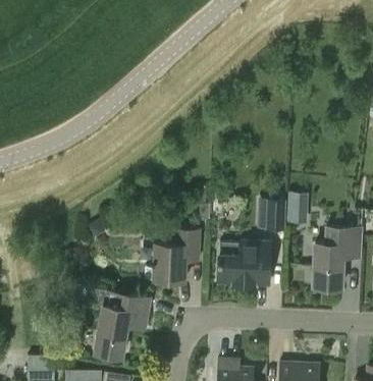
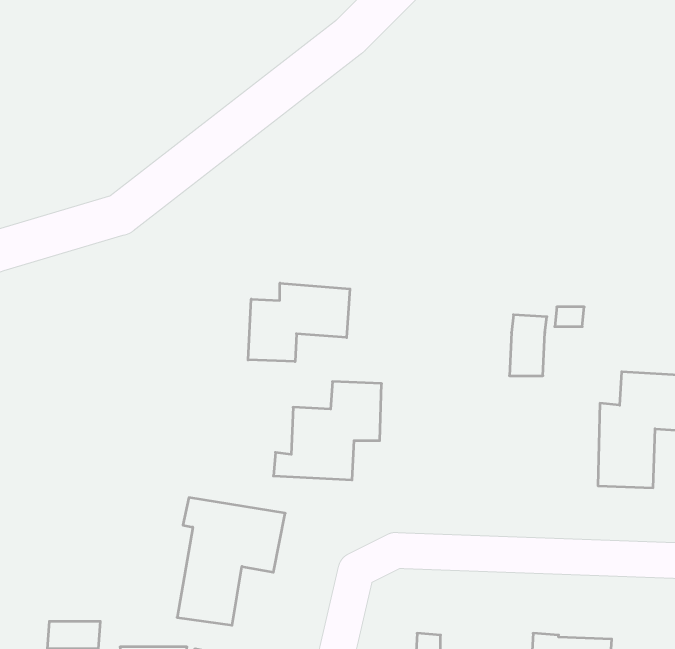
building: none -> [248,283,350,362]
building: [217,242,270,285] -> none

